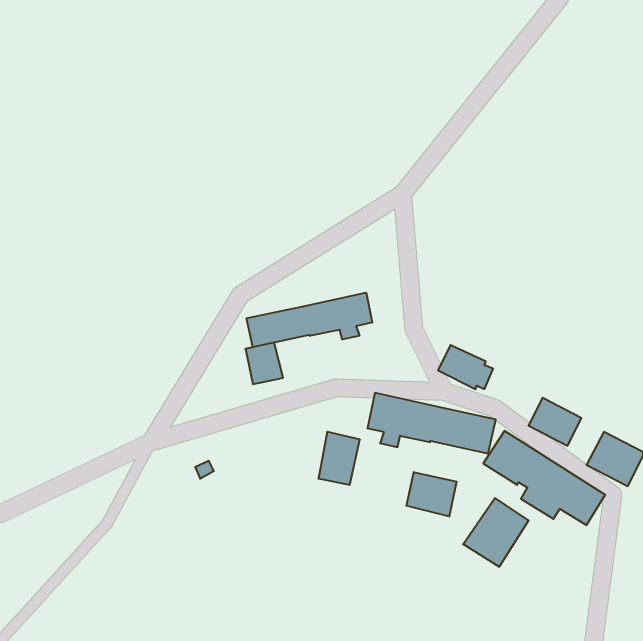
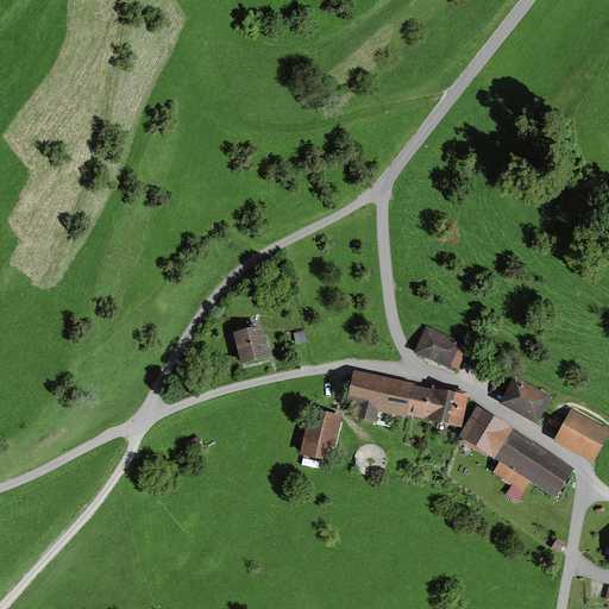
building: [247,293,372,347] -> none
building: [406,472,457,517] -> none
building: [463,498,529,567] -> none

